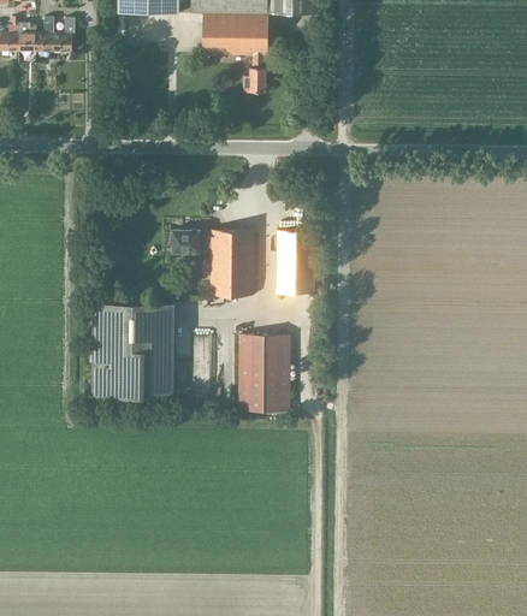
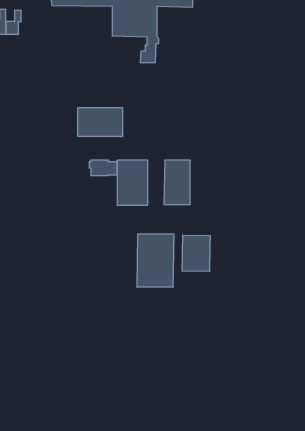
building: none -> [78,108,123,137]
building: [95,302,171,397] -> none
building: none -> [182,235,210,272]

